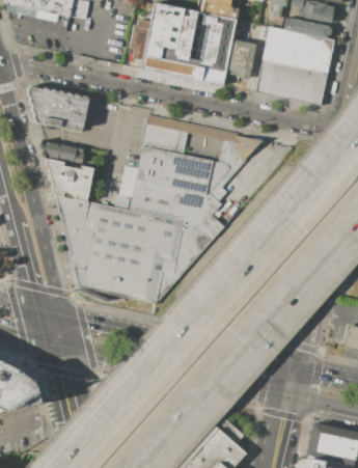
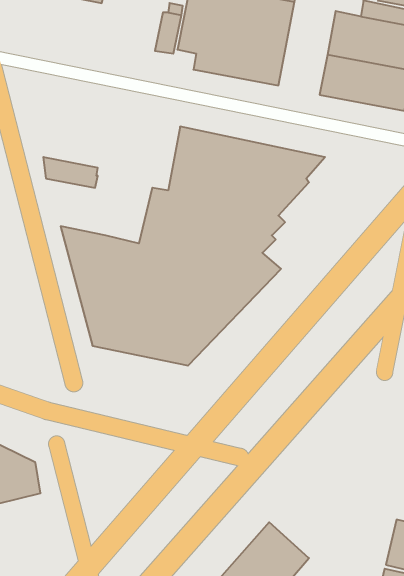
building: [227,38,256,78] -> none
building: [29,86,88,131] -> none
building: [46,159,93,201] -> none

